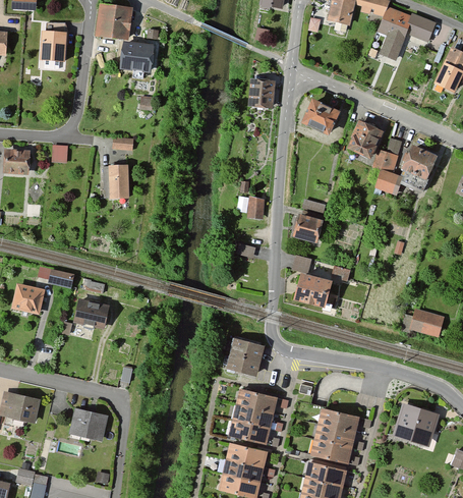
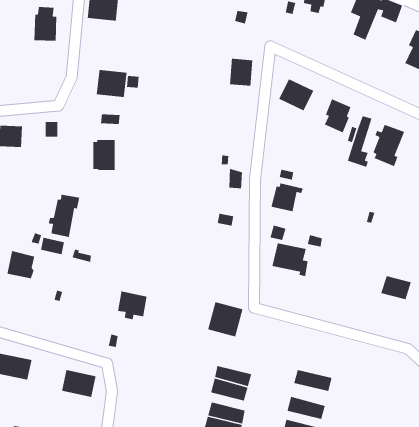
building: [120,42,154,72] -> [96,69,127,98]
building: none -> [48,194,80,238]
building: [75,299,108,331] -> [117,291,148,320]
building: [236,389,278,414] -> none
building: [394,403,439,446] -> none
building: [314,425,355,448] -> none

